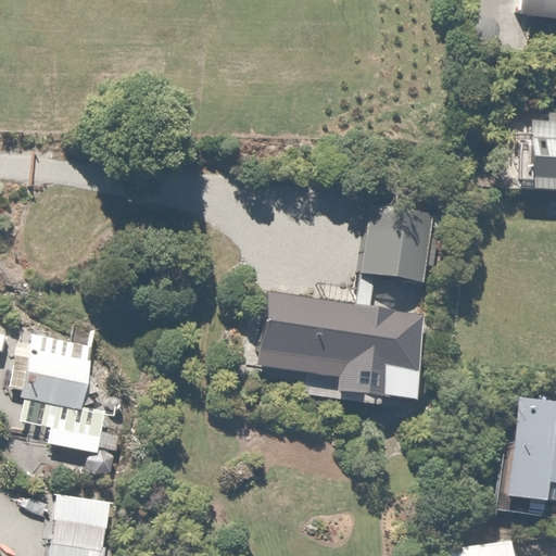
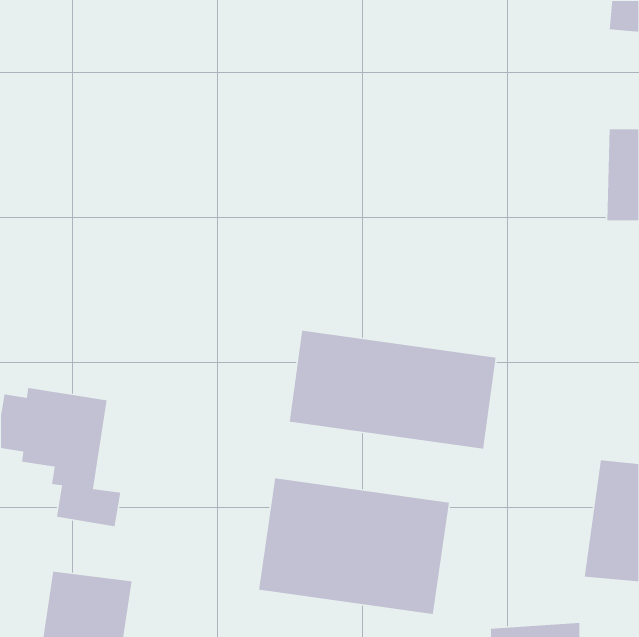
building: [364,211,431,285] -> none
building: none -> [258,478,450,615]

